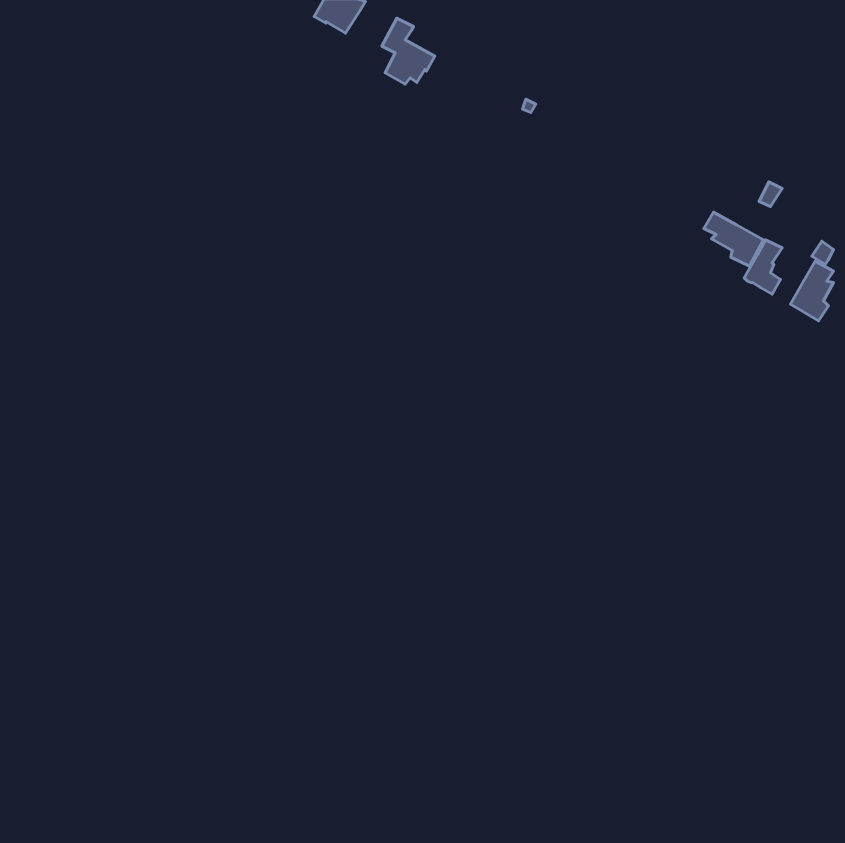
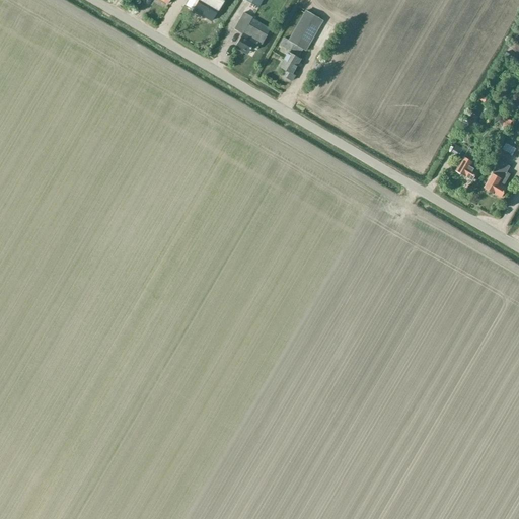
building: none -> [279,10,323,81]
building: [704,212,763,266] -> none

